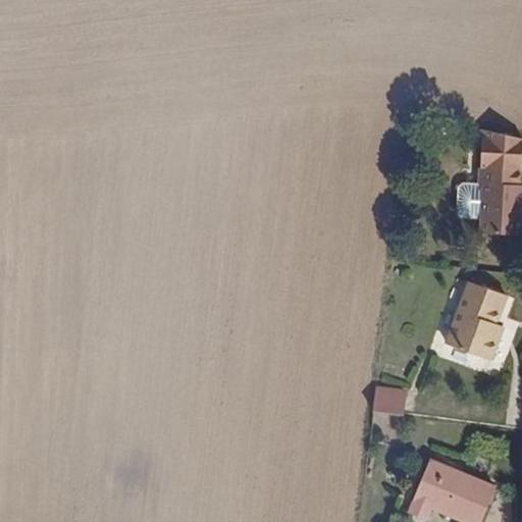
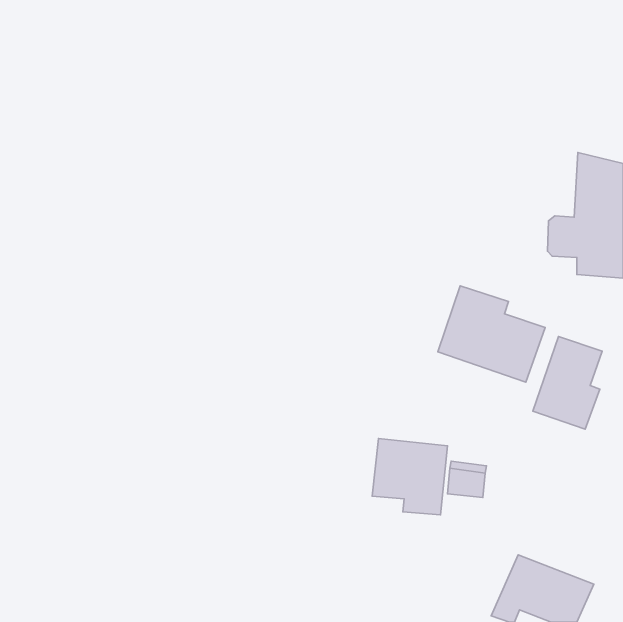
building: none -> [438,286,545,382]
building: none -> [372,439,448,515]

